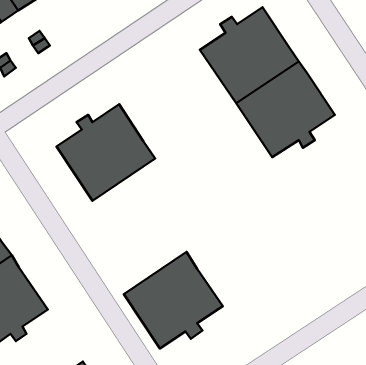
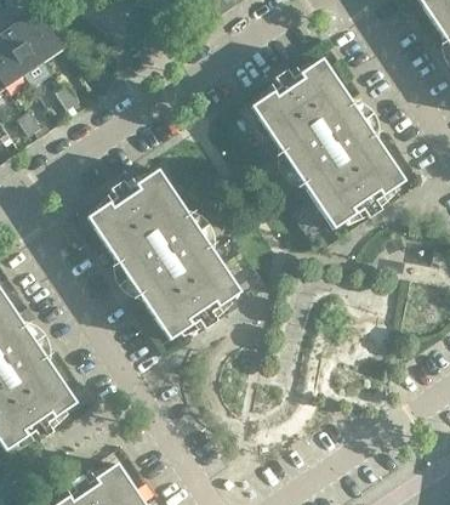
building: [124,252,223,349] -> [129,229,241,340]

